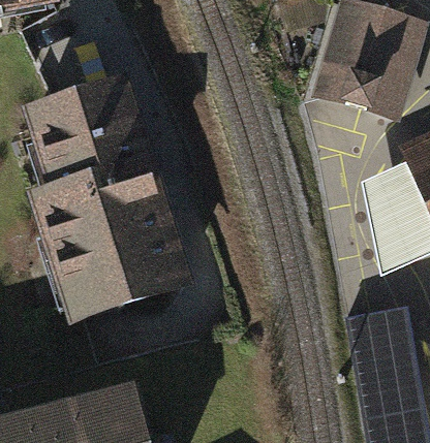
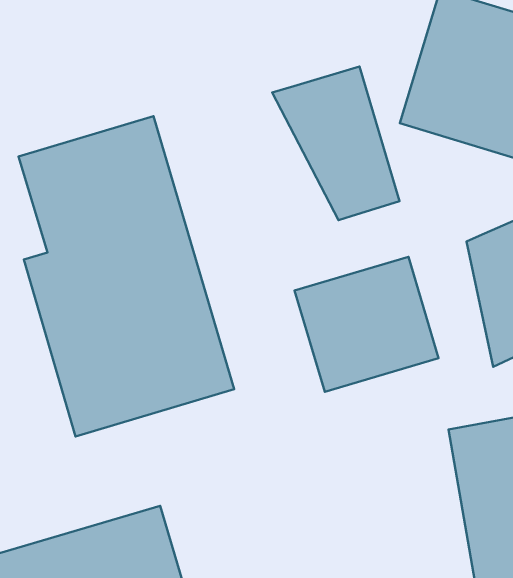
building: none -> [272,67,399,220]
building: none -> [294,257,439,392]

